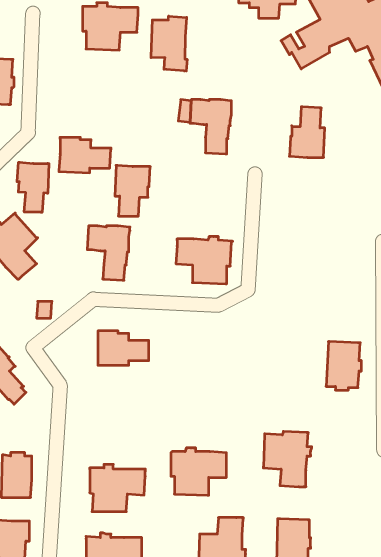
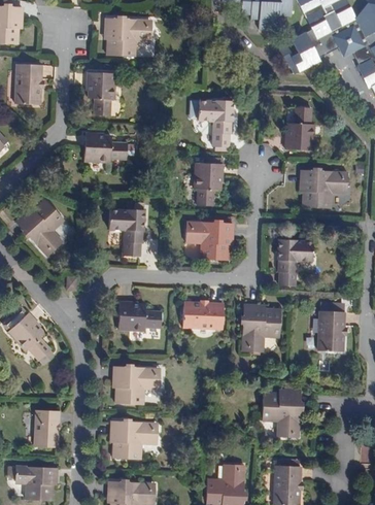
building: [151,16,187,71] -> none
building: none -> [86,72,115,116]
building: [17,162,49,212] -> none
building: [115,165,150,216] -> [194,162,225,206]
building: none -> [299,167,347,208]
building: none -> [276,238,312,285]
building: none -> [182,299,223,330]
building: none -> [239,303,280,351]
building: [171,448,226,495] -> [111,363,160,404]

